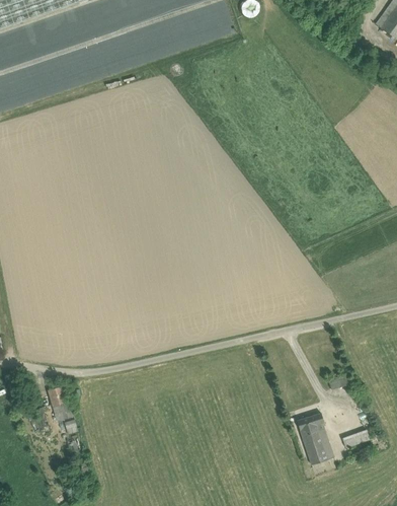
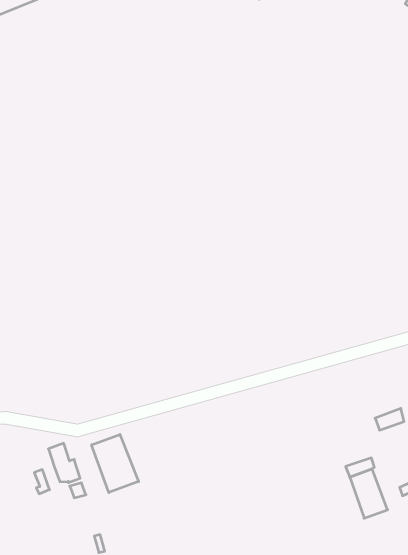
building: none -> [92,434,139,493]

